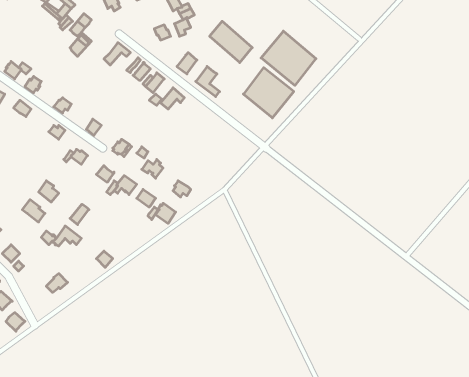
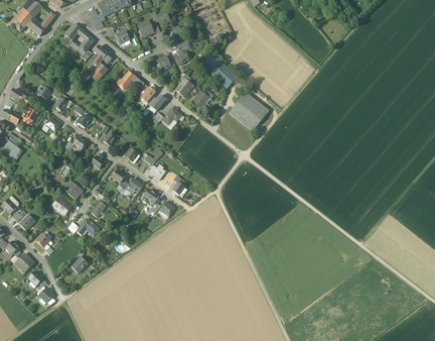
building: [261,31,316,85] -> none

